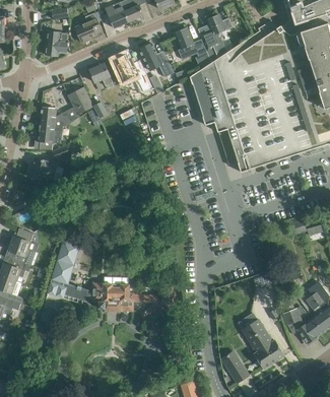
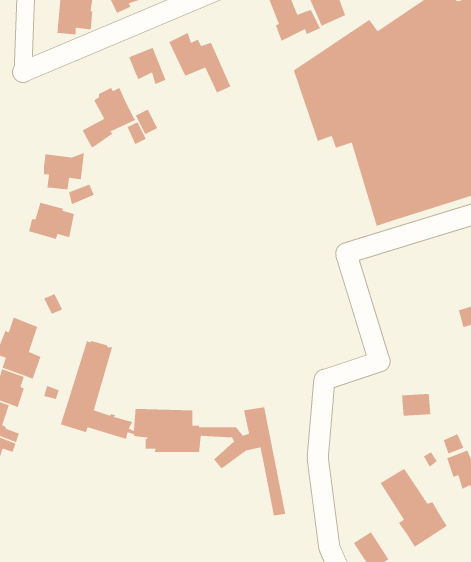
building: [139,44,173,78] -> none
building: [38,107,66,130] -> none

